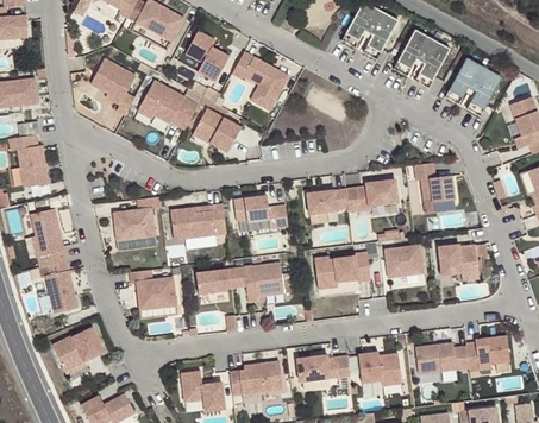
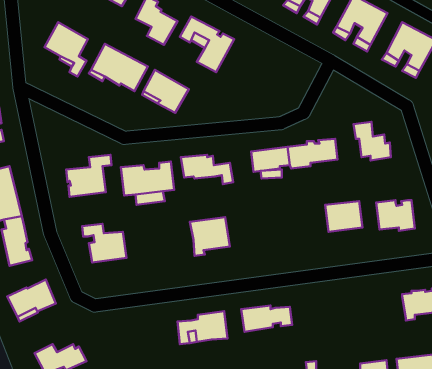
building: [314,252,370,289] -> none
building: [195,267,246,295] -> none
building: [415,343,469,374] -> none
building: [358,352,401,386] -> none
building: [183,371,227,411] -> none

